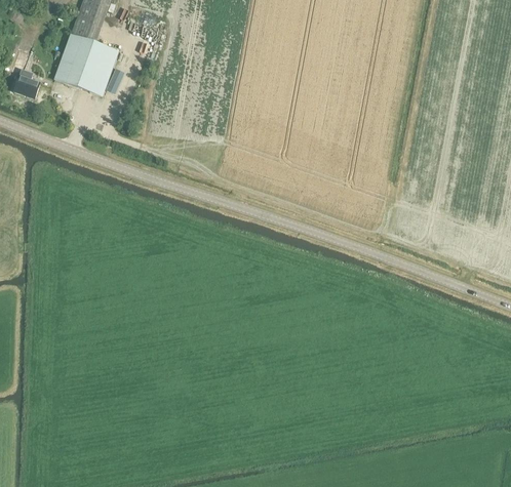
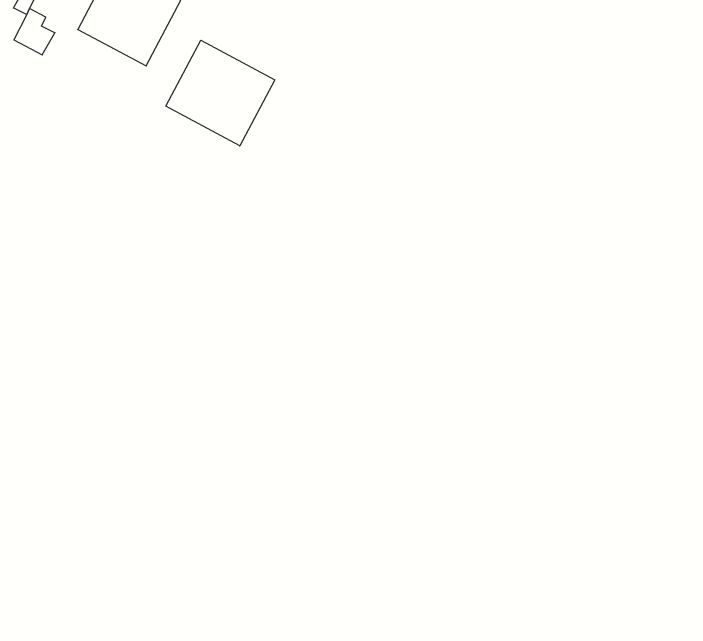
building: none -> [166,40,275,146]

